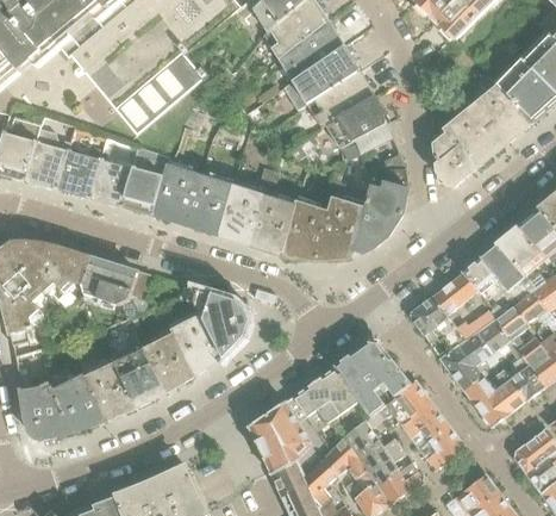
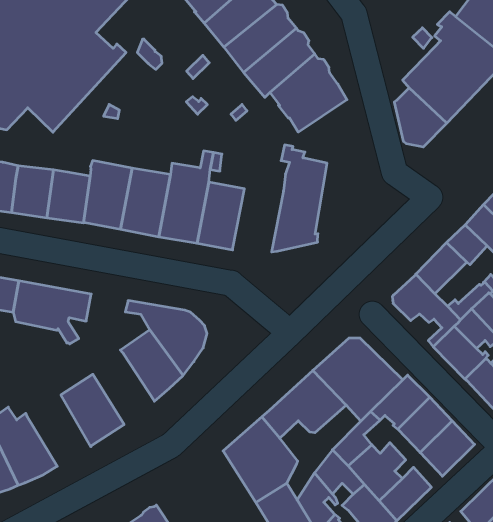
building: [350,151,407,253] -> none
building: [277,199,327,260] -> none
building: [144,331,194,392] -> none
building: [83,360,135,421] -> none

